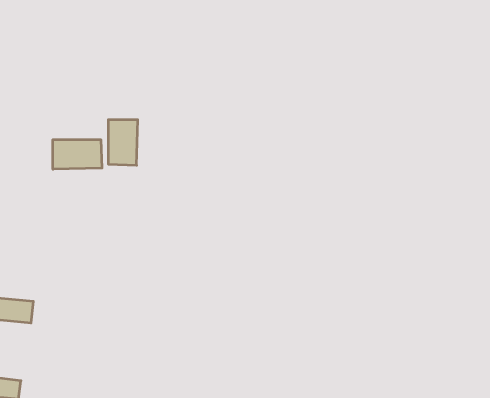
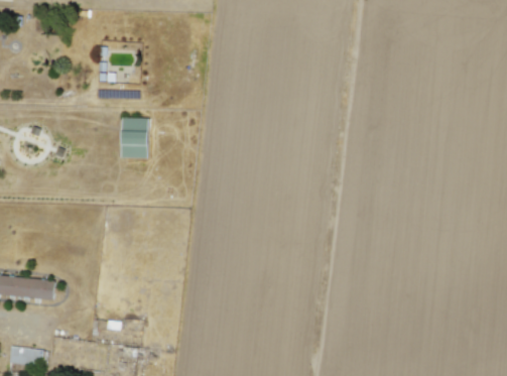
building: [53,140,102,169] -> none

